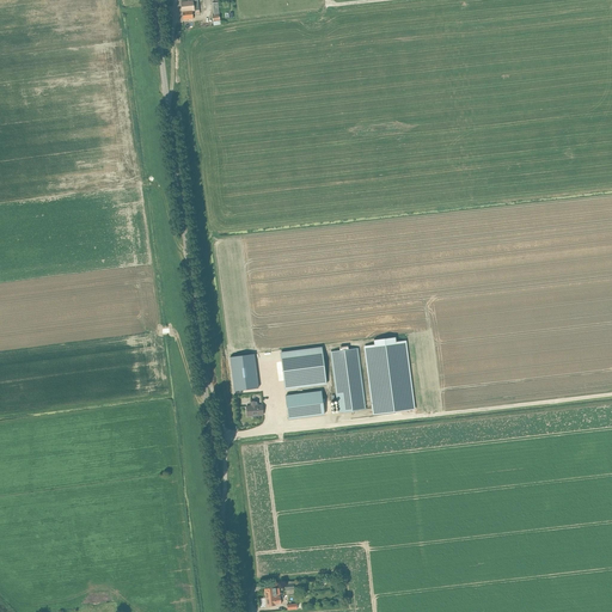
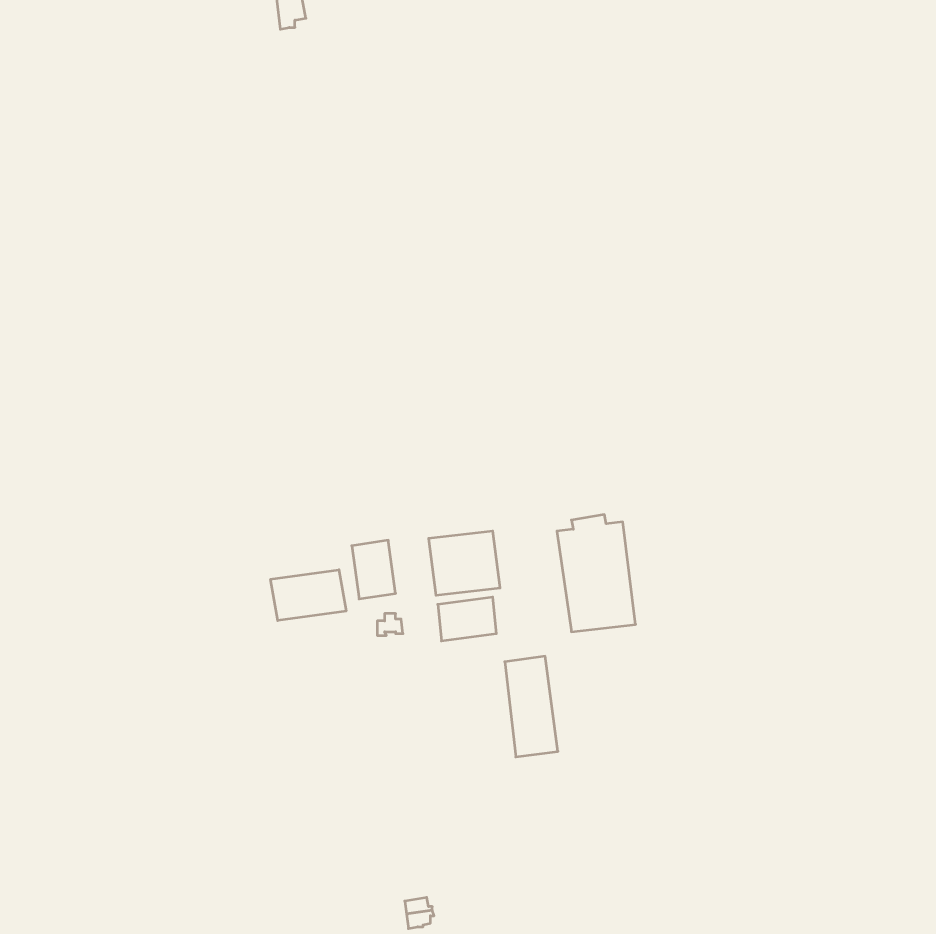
building: [331,347,366,412] -> [505,656,558,757]
building: none -> [271,570,346,621]

